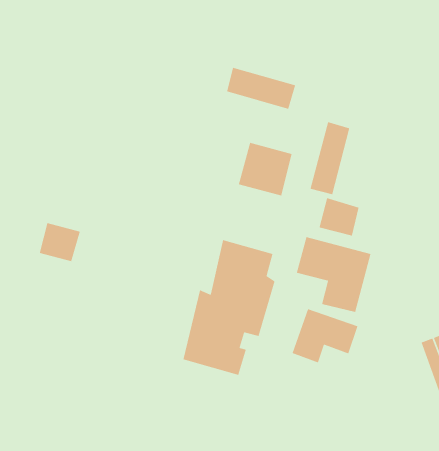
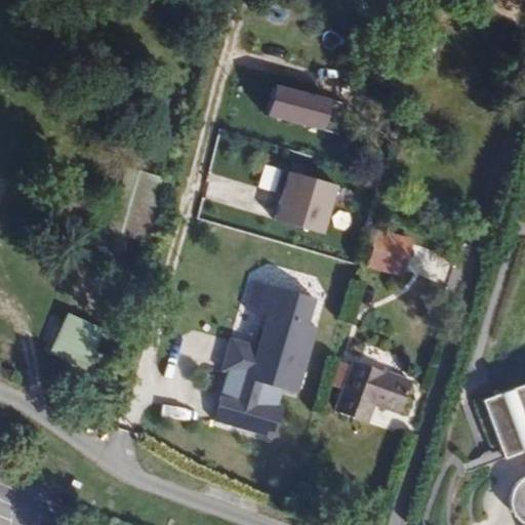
building: [309,121,350,195] -> none
building: [39,222,81,262] -> [51,318,99,364]
building: [296,236,372,313] -> none

